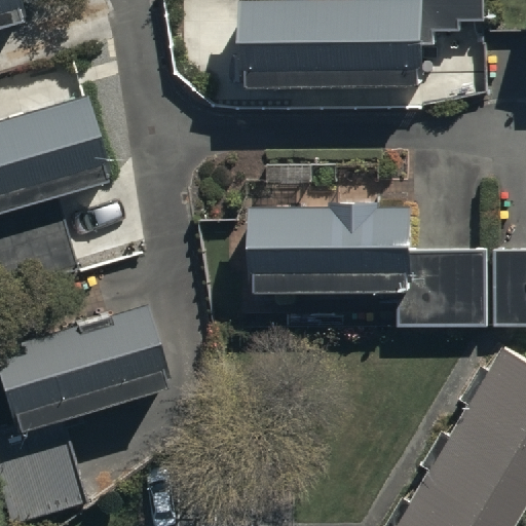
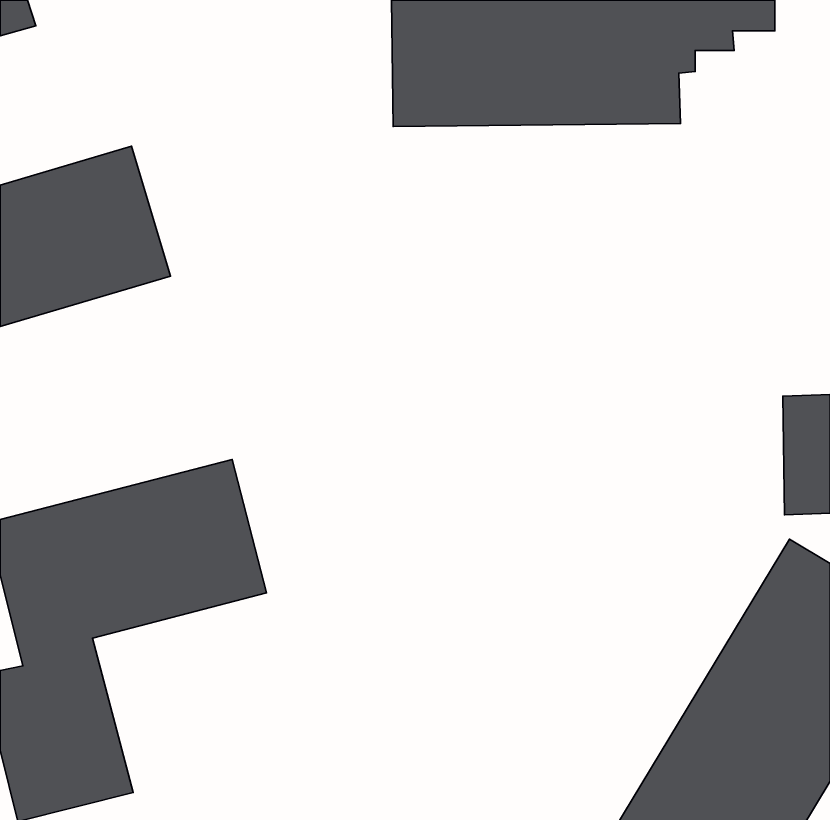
building: [257,200,490,334] -> none

